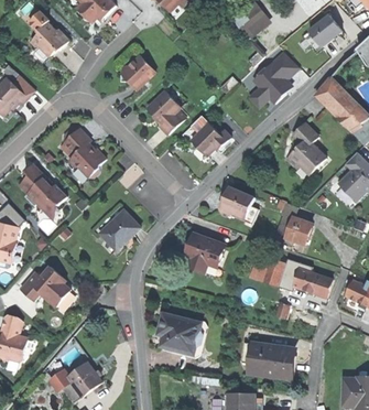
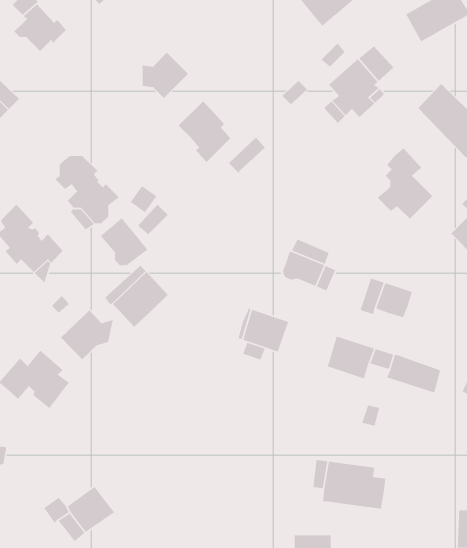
building: [191,123,230,157] -> none
building: none -> [100,217,148,267]
building: none -> [60,310,114,360]
building: [160,314,204,350] -> none

